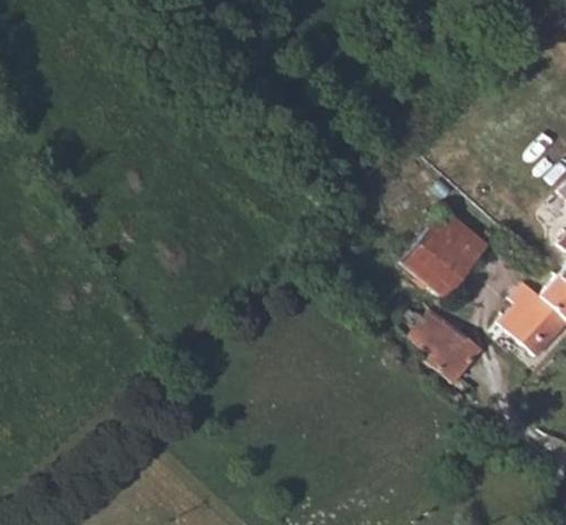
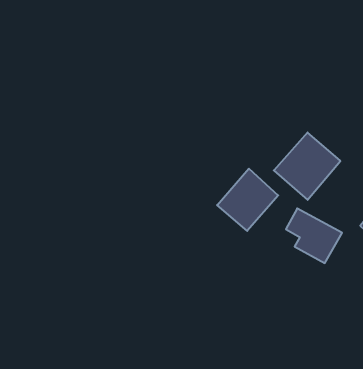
building: none -> [217,169,278,231]

